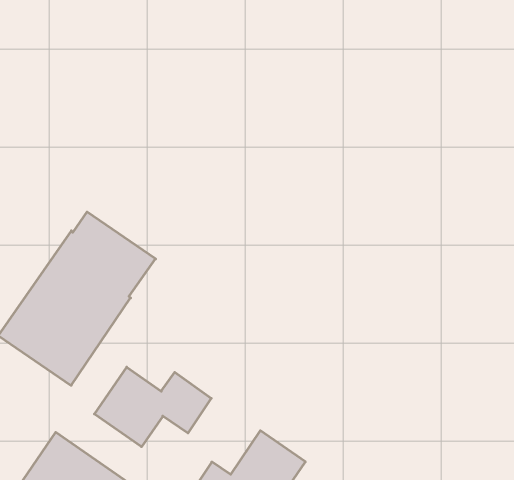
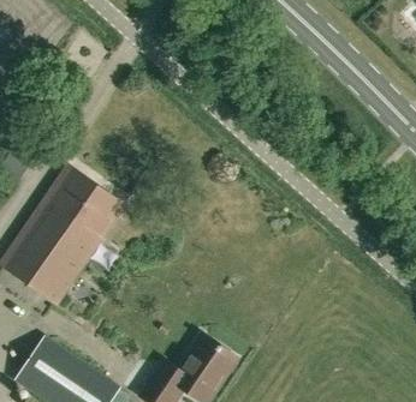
building: [94,367,211,447] -> none

